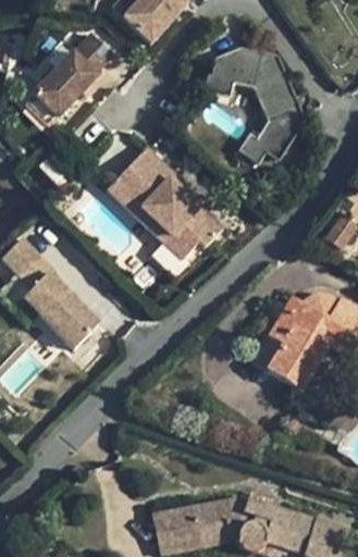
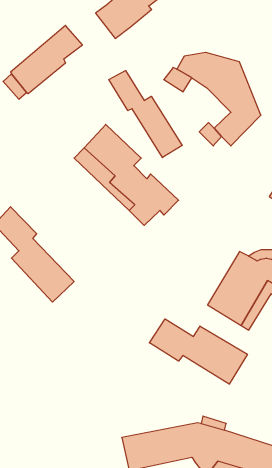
building: none -> [109,71,182,158]
building: none -> [149,319,247,384]

